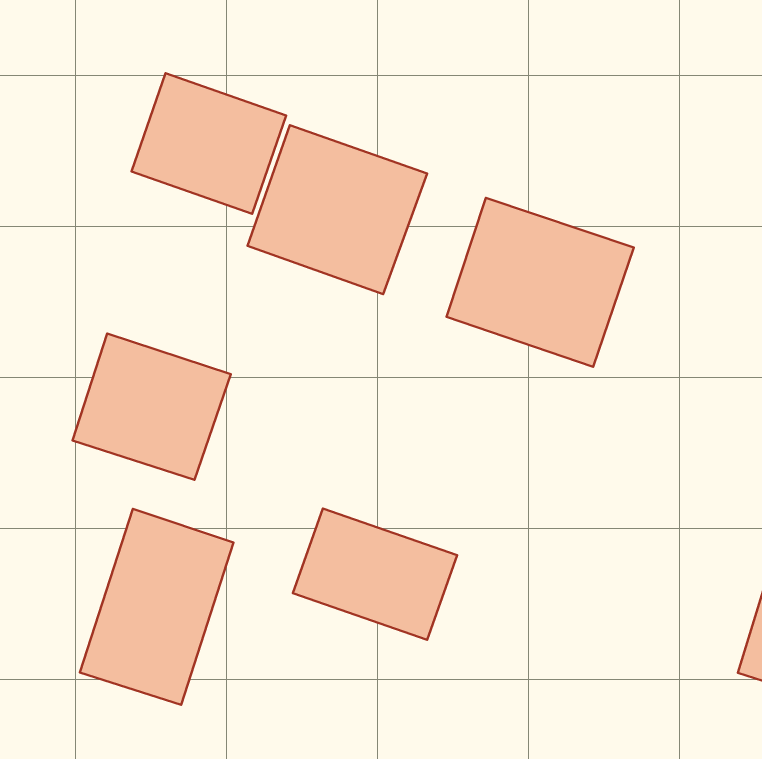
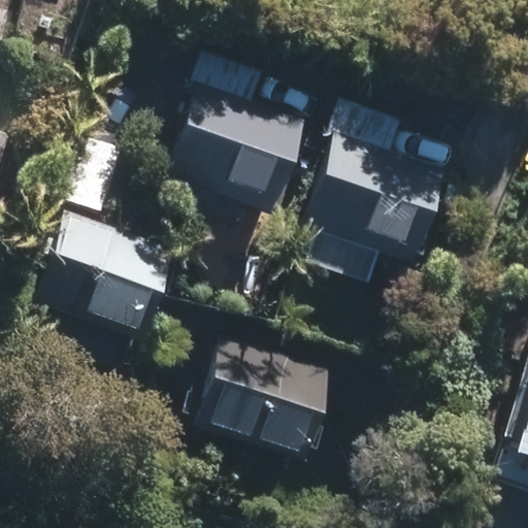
building: [132,73,286,214] -> none
building: [80,509,233,705] -> none

